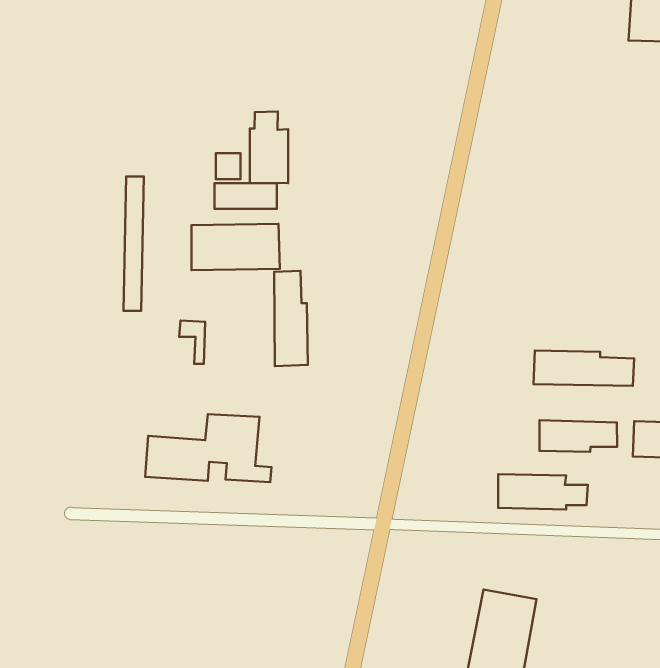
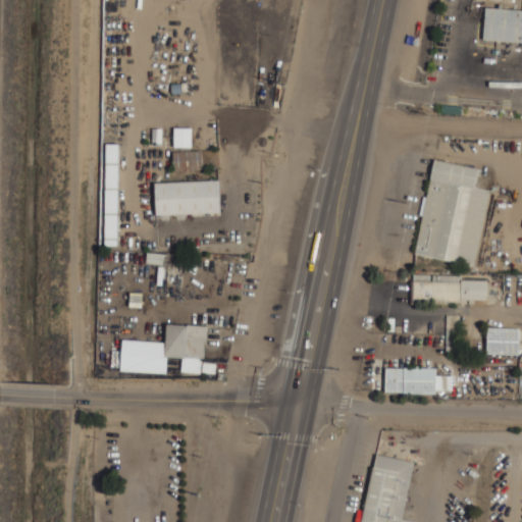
building: [250,112,288,183] -> none
building: none -> [415,160,489,266]
building: [274,271,308,366] -> none
building: [539,420,617,452] -> none

